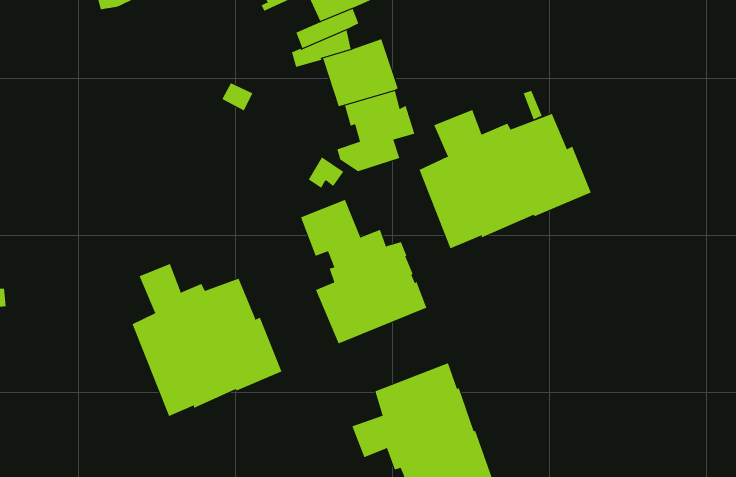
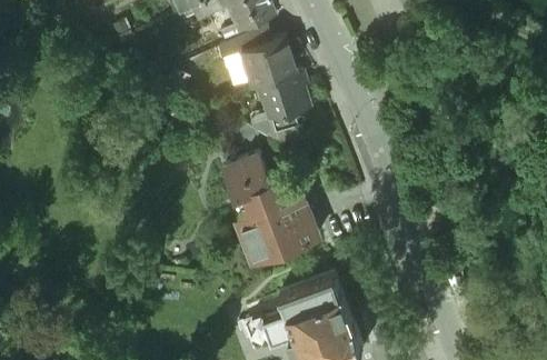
building: [419,109,591,249] -> none
building: [132,263,282,417] -> none

